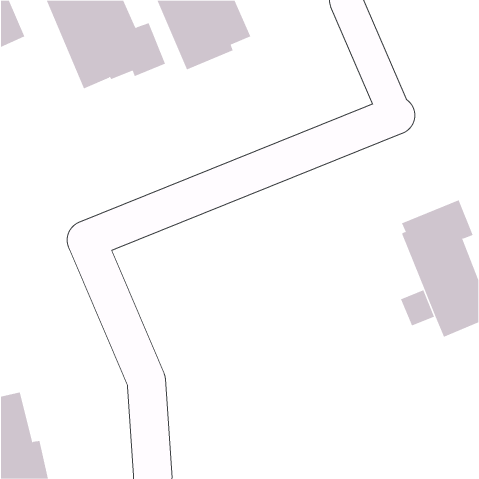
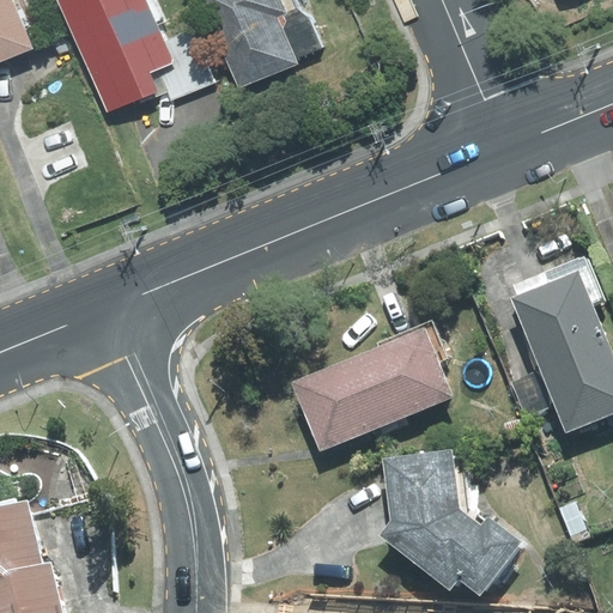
building: none -> [293,321,451,450]
building: none -> [382,451,517,593]

